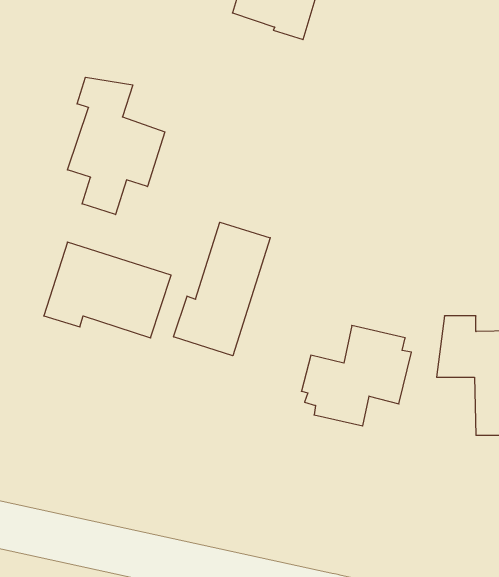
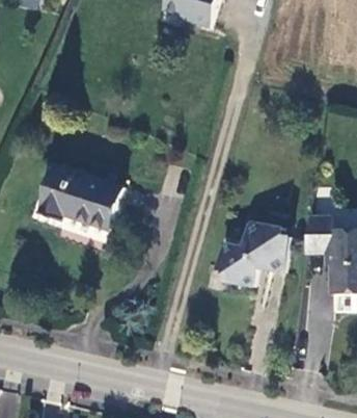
building: [67,77,165,215] -> none
building: [174,222,270,356] -> none

